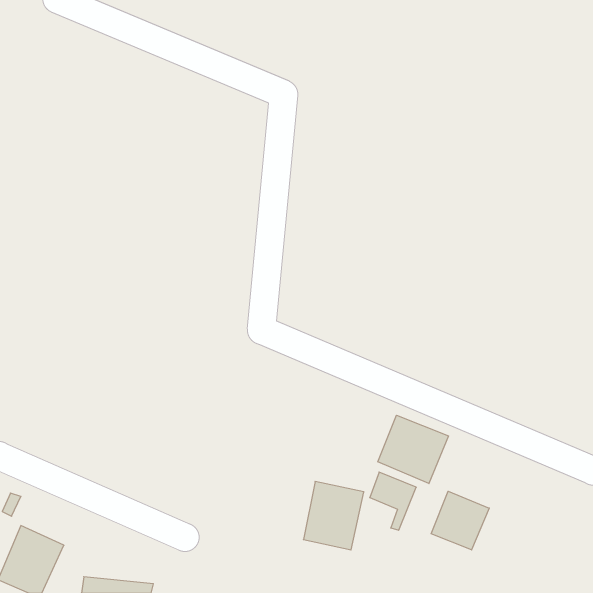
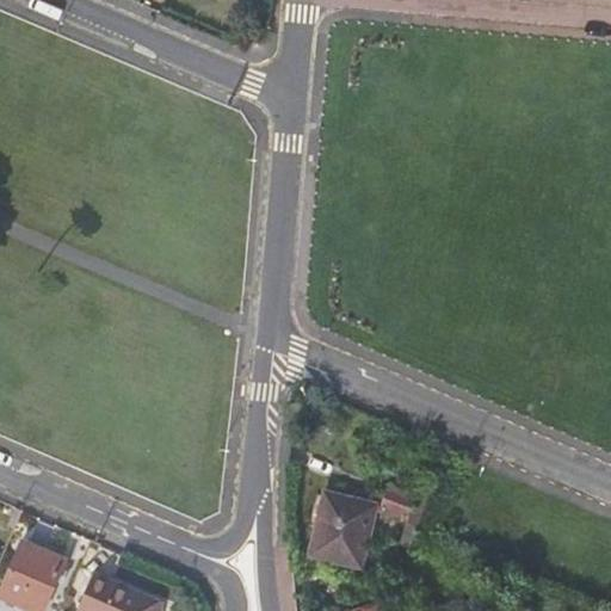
building: [378,415,448,484] -> none
building: [431,491,489,550] -> none

